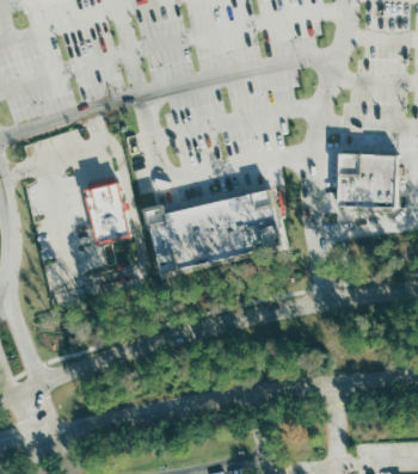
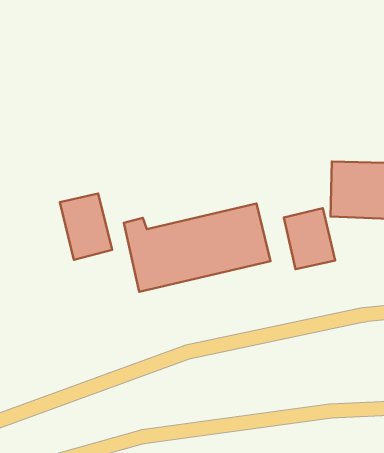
building: none -> [284,208,335,269]

